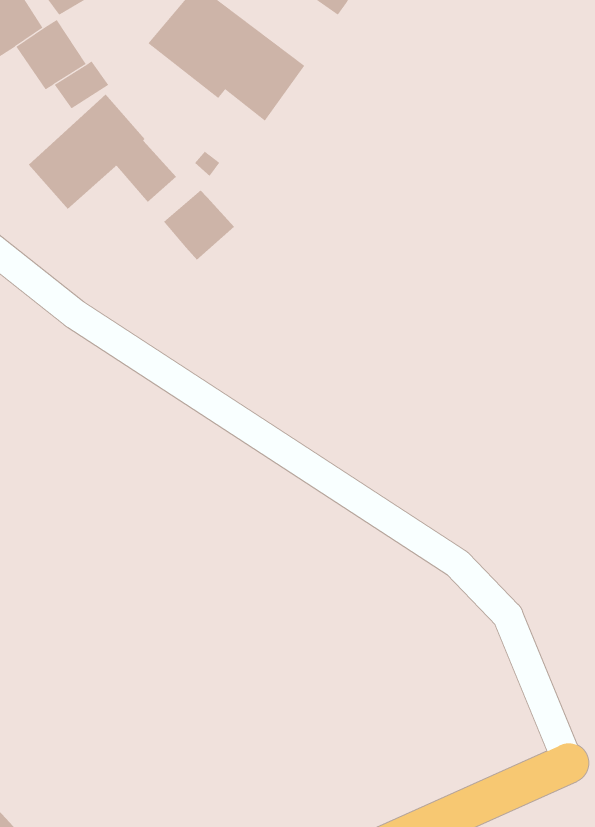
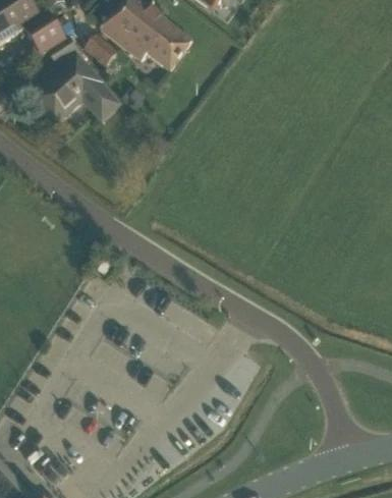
building: none -> [82,33,118,65]
building: [163,190,235,260] -> none

